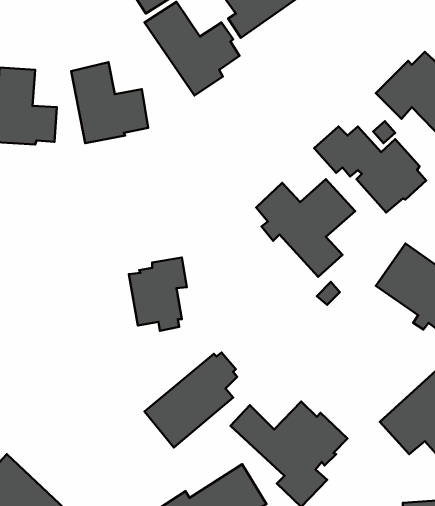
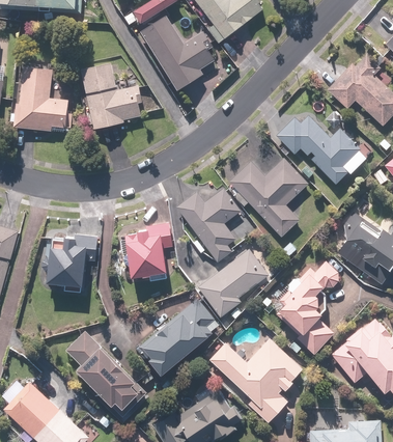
building: none -> [177,189,241,263]
building: none -> [52,236,99,293]
building: none -> [200,250,269,316]
building: none -> [276,260,340,353]
building: none -> [66,332,142,407]

